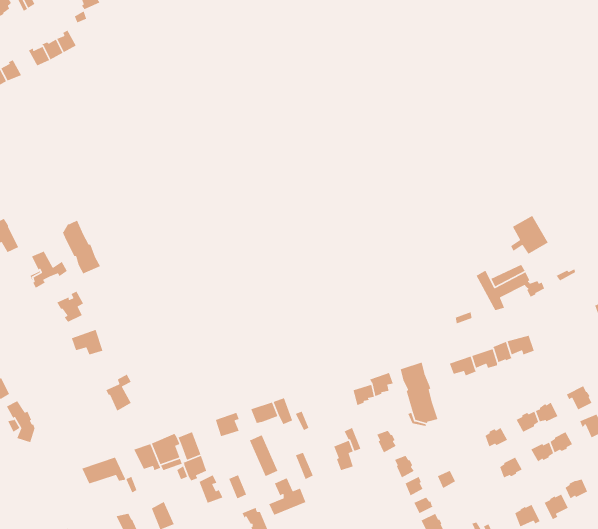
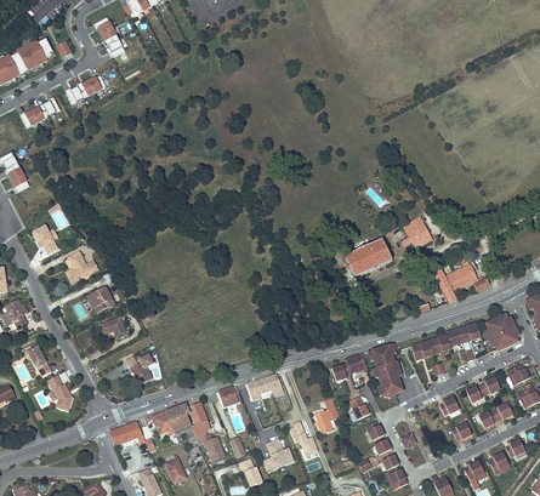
building: [510,215,549,255] -> [402,217,433,250]
building: [62,220,101,274] -> none
building: none -> [345,239,392,278]
building: none -> [484,314,518,350]

